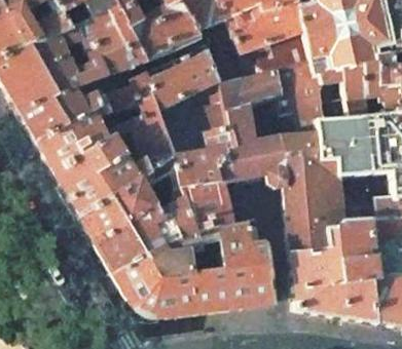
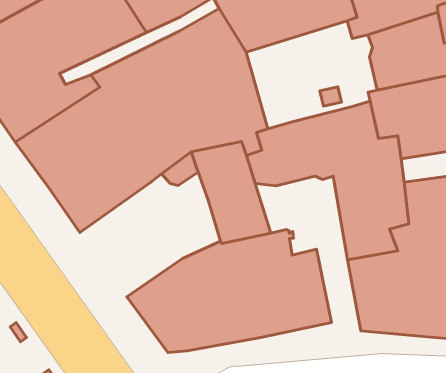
building: [223,65,324,145] -> none
building: [81,180,191,268] -> none

